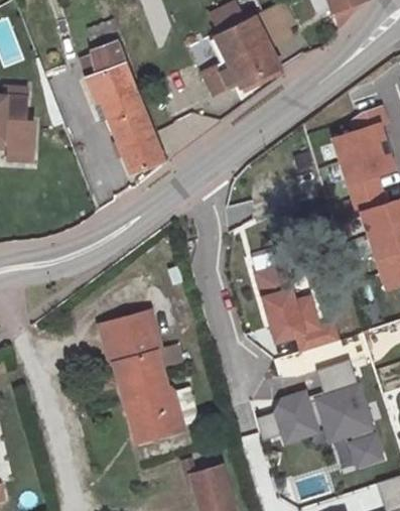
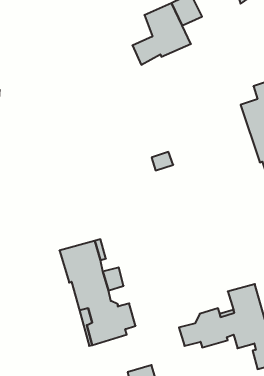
building: [86,41,156,166] -> none
building: [255,269,339,354] -> none

